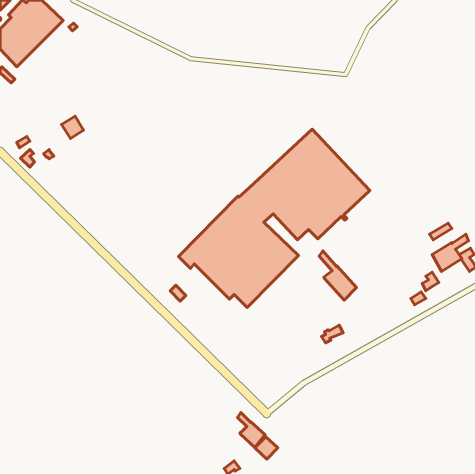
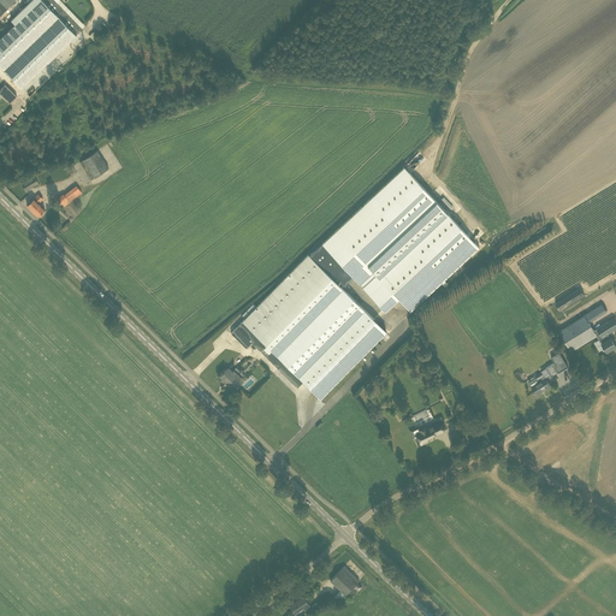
building: [319,251,356,300] -> none
building: [237,413,265,447] -> none

